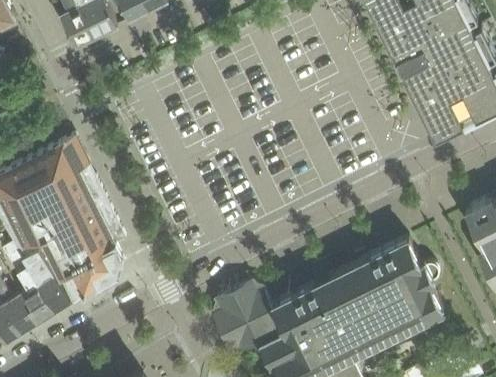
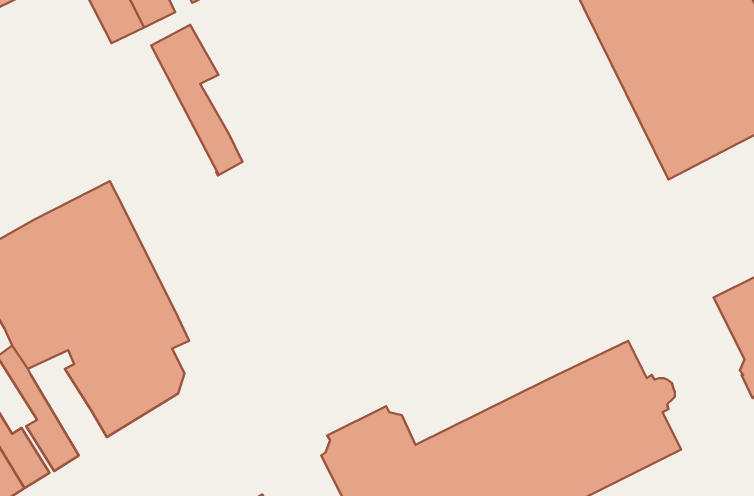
building: none -> [151,25,243,175]
building: [22,258,71,316] -> none

